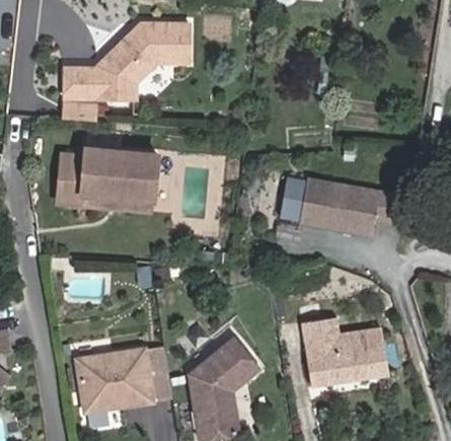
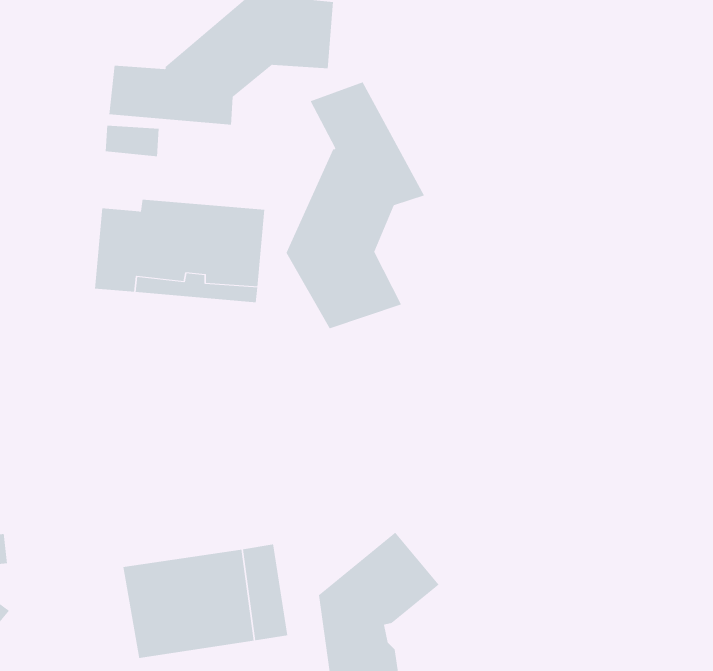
building: none -> [286,81,425,329]
building: [280,177,408,232] -> none
building: [303,320,390,389] -> none

